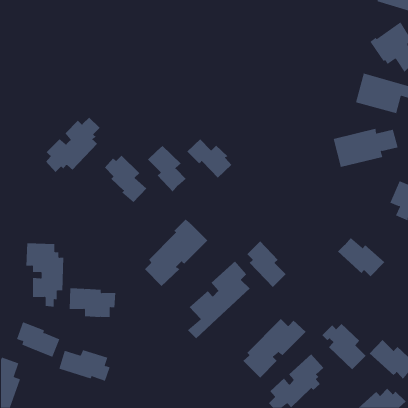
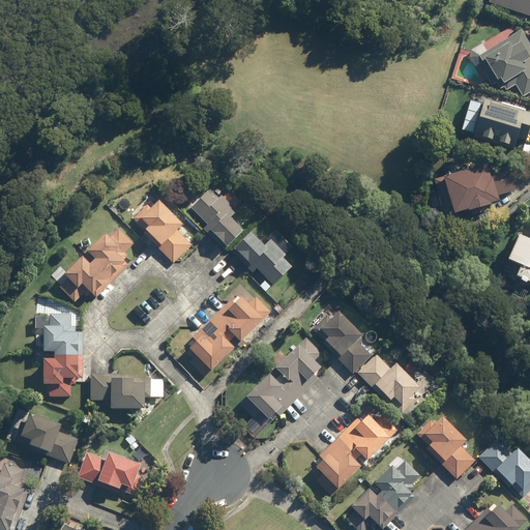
building: [45,117,100,173] -> [62,229,134,301]
building: [186,139,232,179] -> [233,232,292,284]
building: [337,237,385,277] -> [358,354,420,406]

